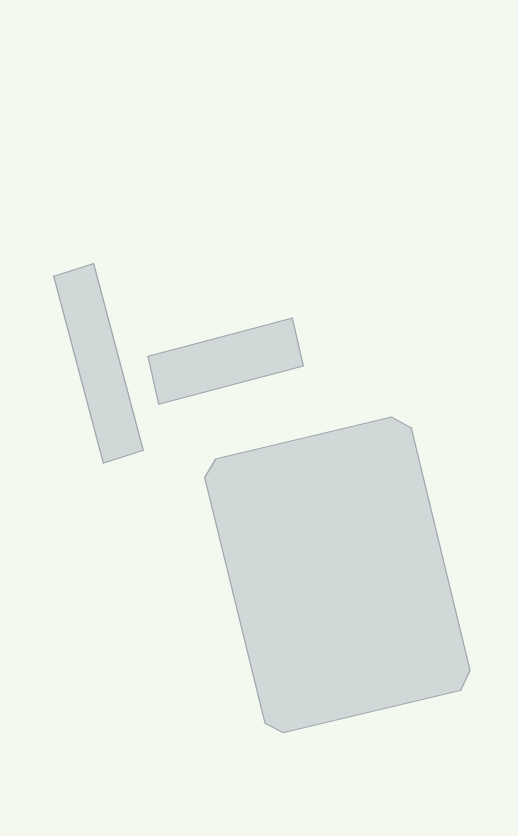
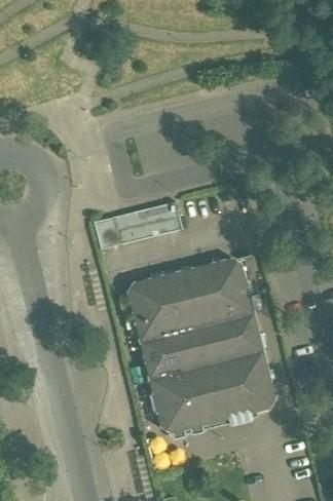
building: [54,263,143,463] -> none

